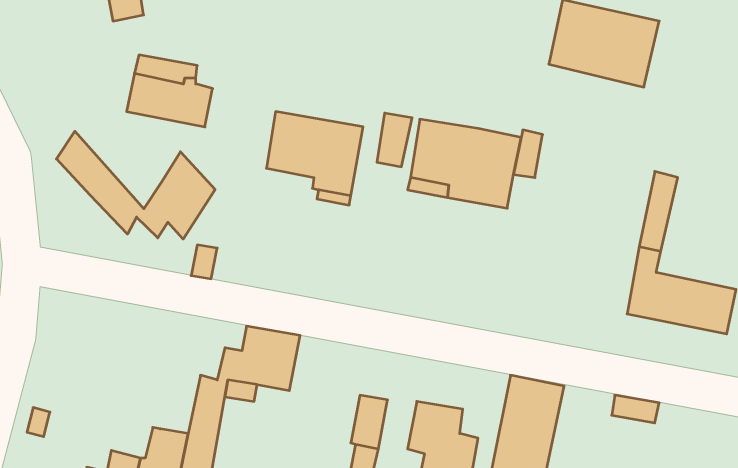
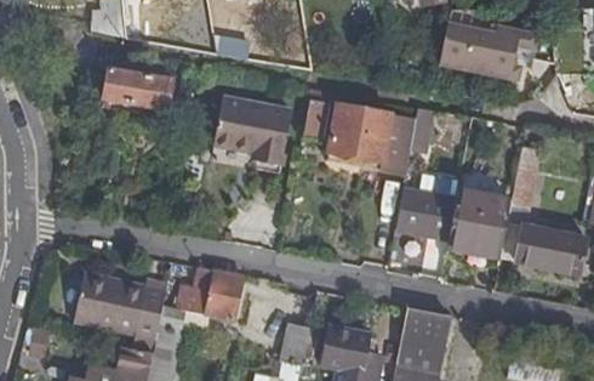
building: [56,131,215,239] -> none
building: none -> [395,190,432,234]
building: none -> [446,192,508,258]
building: none -> [72,274,167,353]

